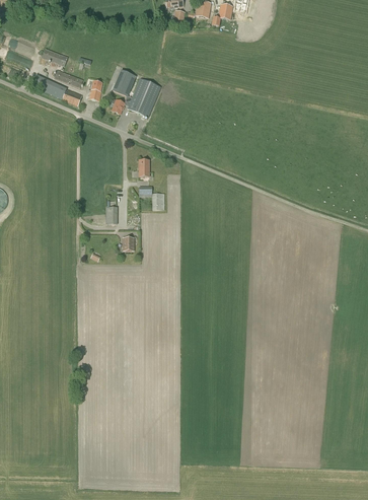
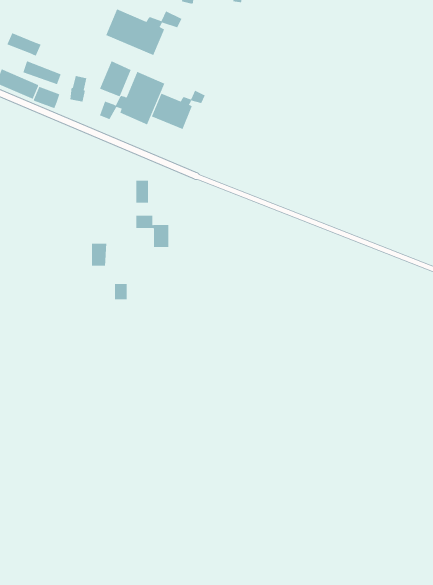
building: none -> [106,8,182,56]
building: none -> [151,90,205,130]

